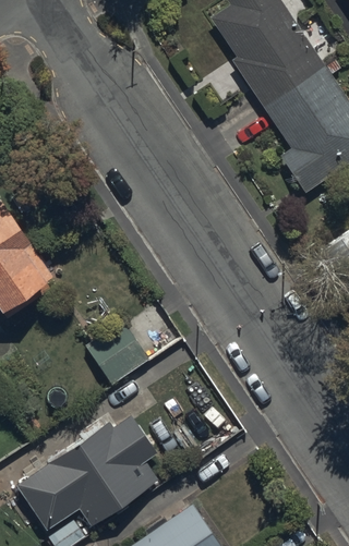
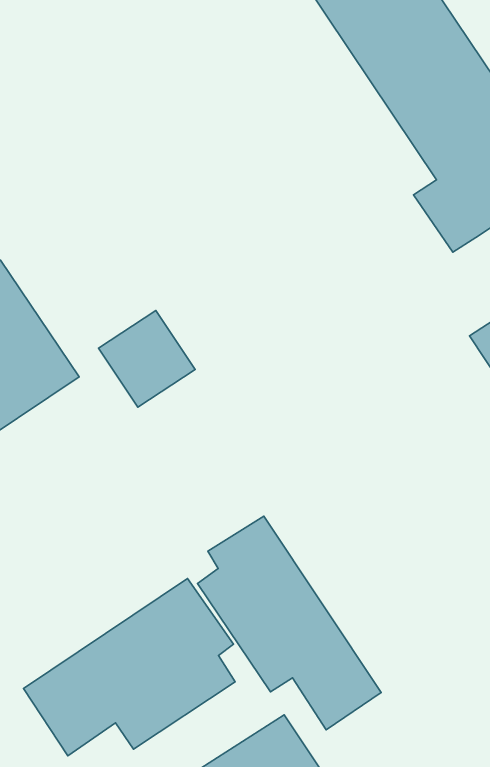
building: [87,323,152,387] -> [98,311,195,407]
building: none -> [198,516,381,730]

